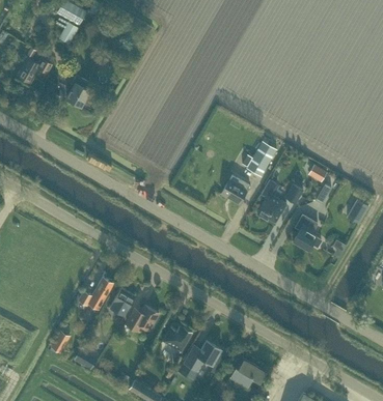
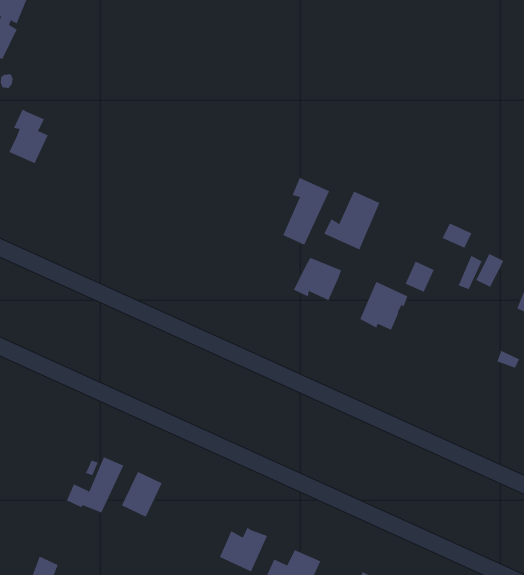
building: none -> [283,177,330,245]
building: [292,216,320,251] -> none
building: [127,306,158,332] -> none

